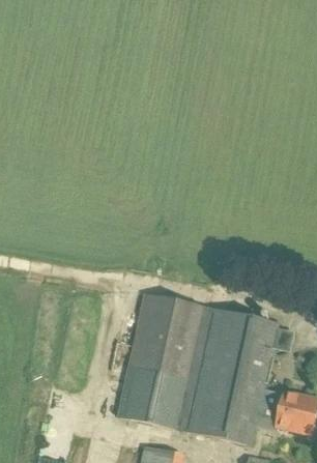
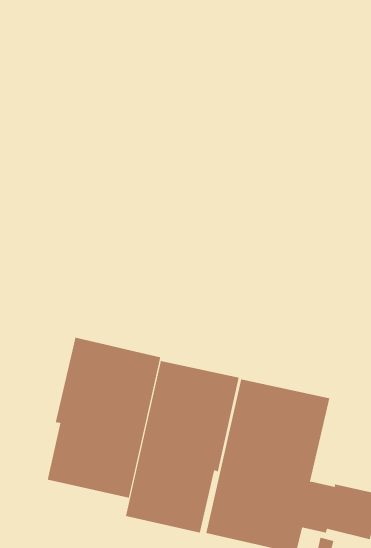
building: none -> [47,337,161,499]

